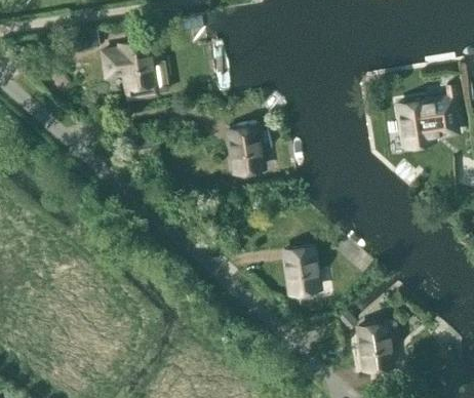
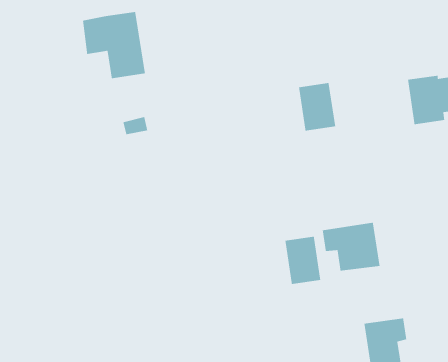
building: [228,126,263,171] -> [298,82,336,131]
building: none -> [322,222,380,272]

